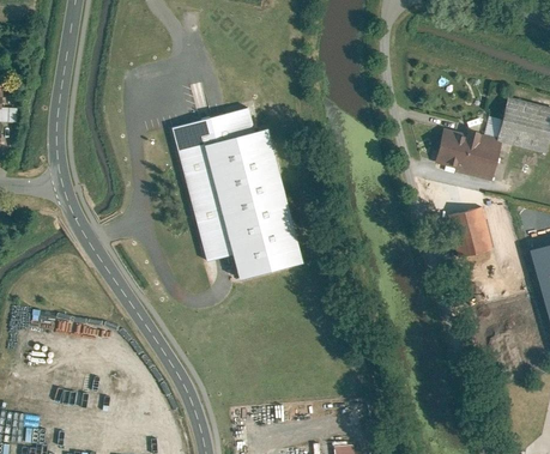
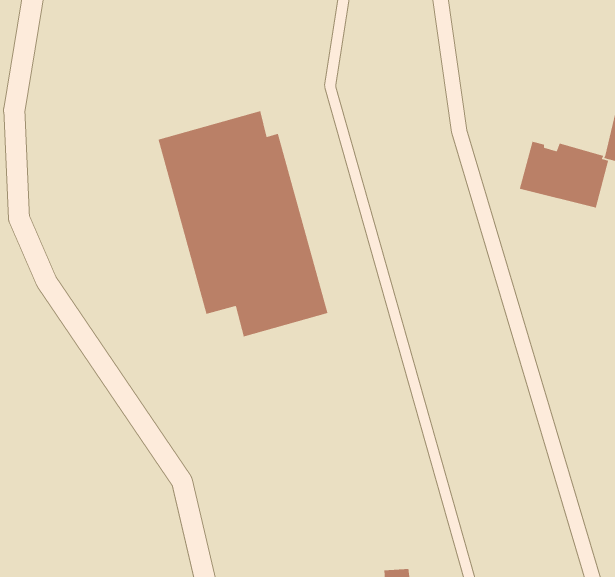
building: [451,206,494,256] -> none

